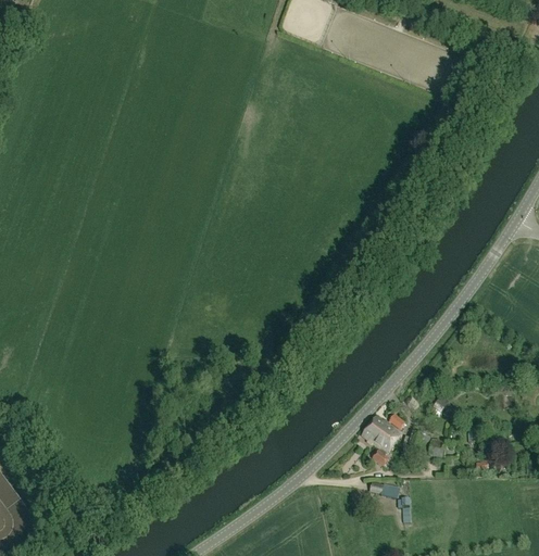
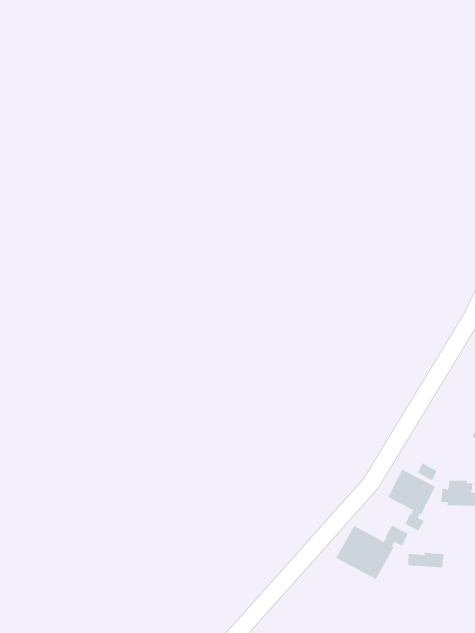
building: none -> [335,524,409,580]

